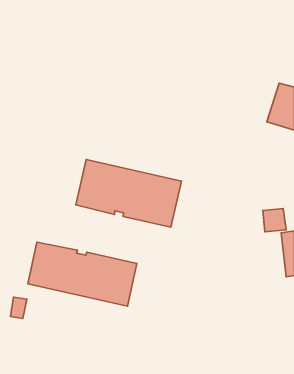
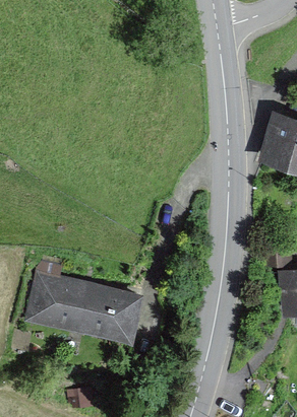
building: [76,160,182,227] -> none

